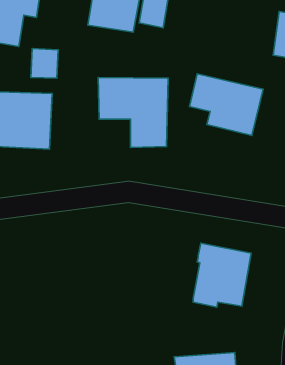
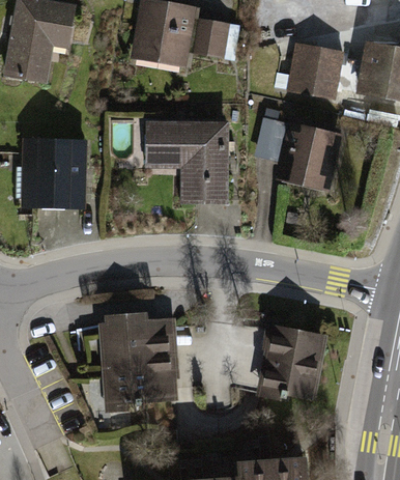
building: none -> [286,43,347,98]
building: [31,49,58,78] -> none
building: none -> [99,310,180,413]

